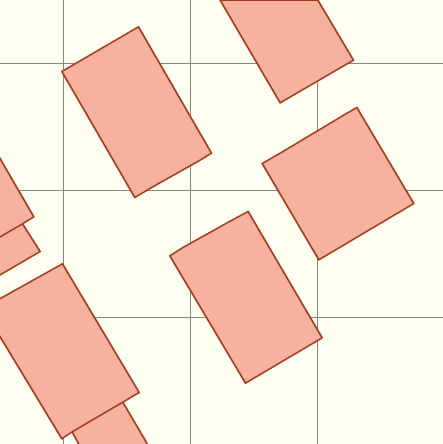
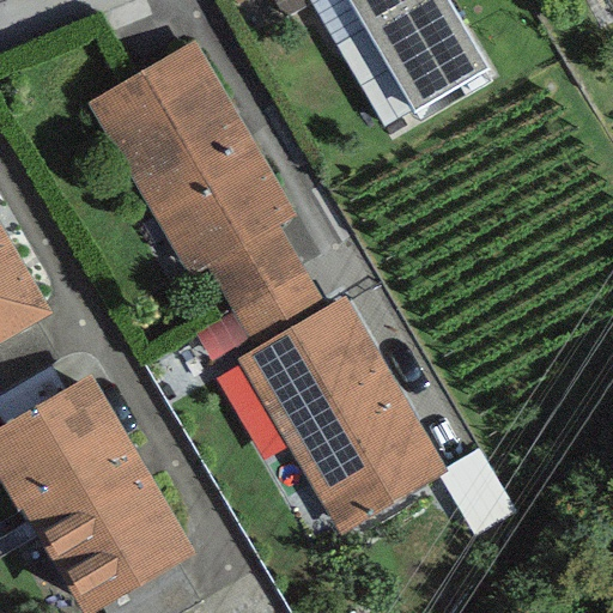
building: [262,108,414,260] -> none
building: none -> [207,221,321,341]

